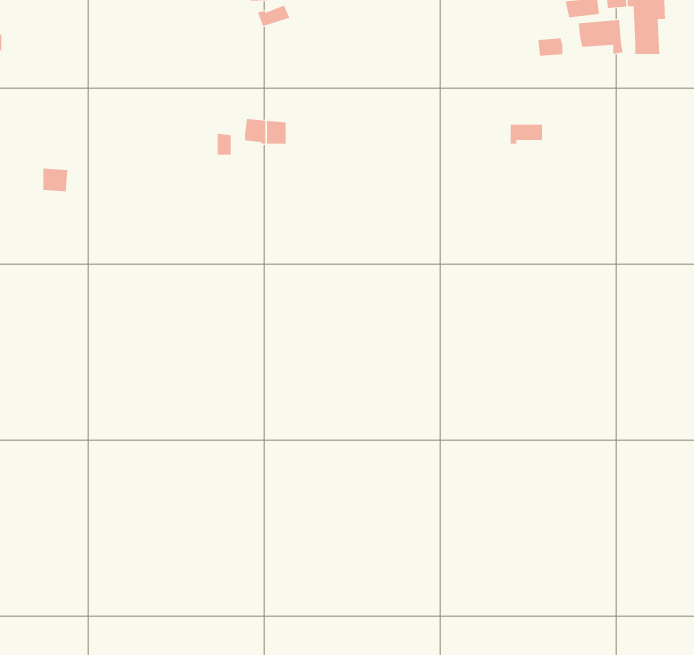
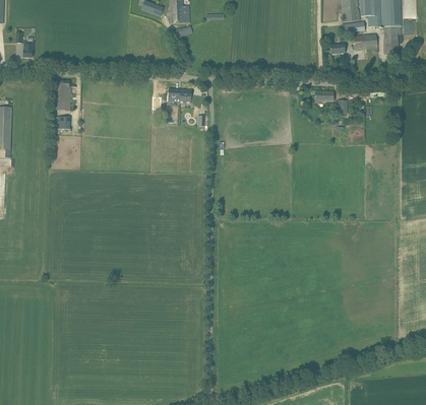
building: none -> [55,79,70,111]

